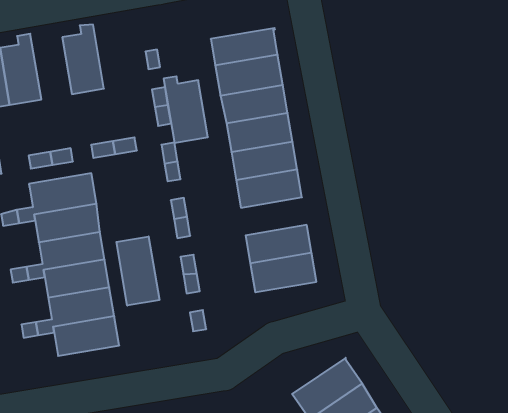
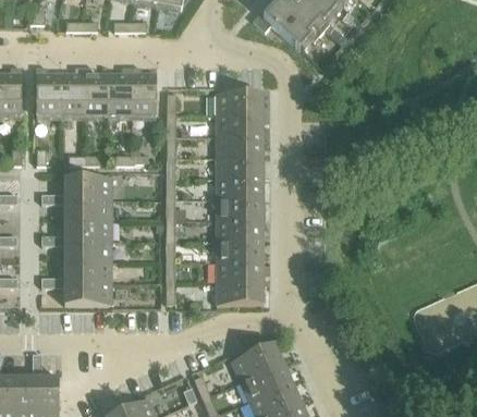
building: none -> [85,68,108,116]
building: [164,76,208,143] -> [132,69,157,116]
building: none -> [217,220,262,241]
building: [116,236,159,306] -> none
building: none -> [217,283,264,305]

